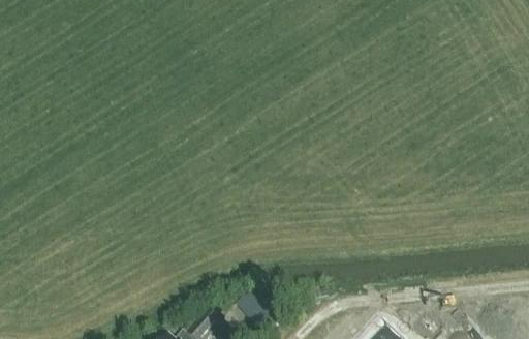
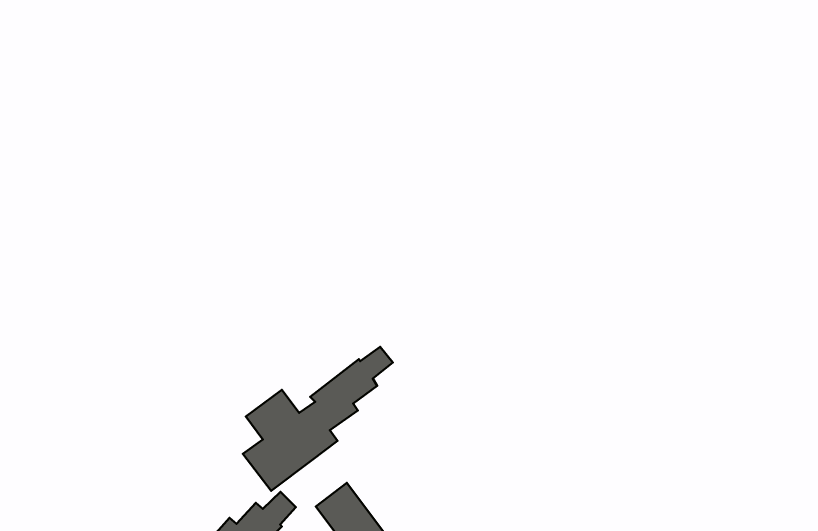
building: none -> [243,347,393,491]

